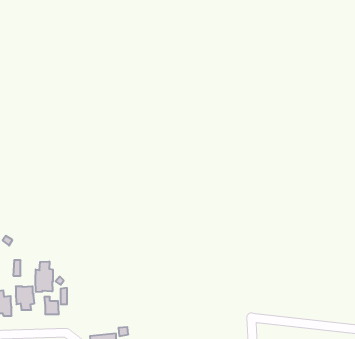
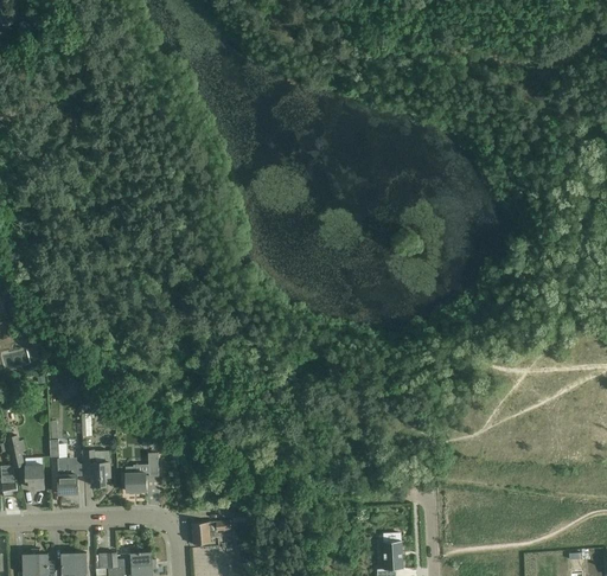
building: [35,261,53,292] -> none

